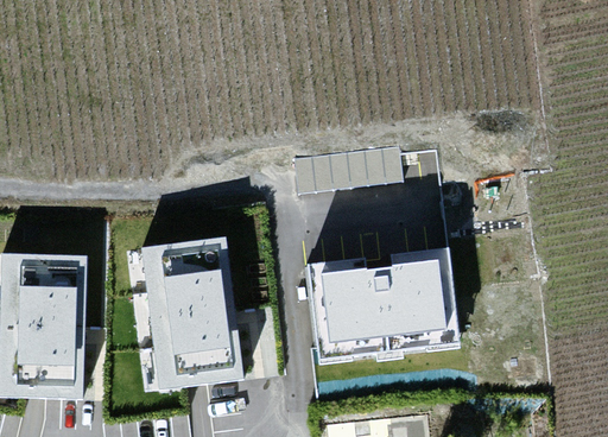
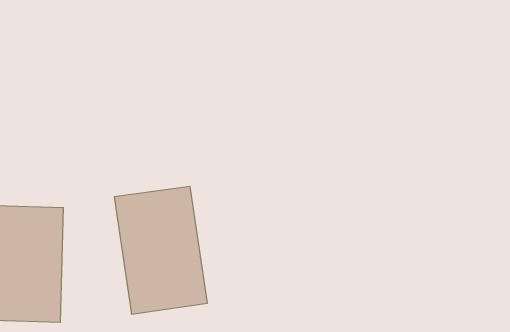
building: [310,249,456,356] -> none

